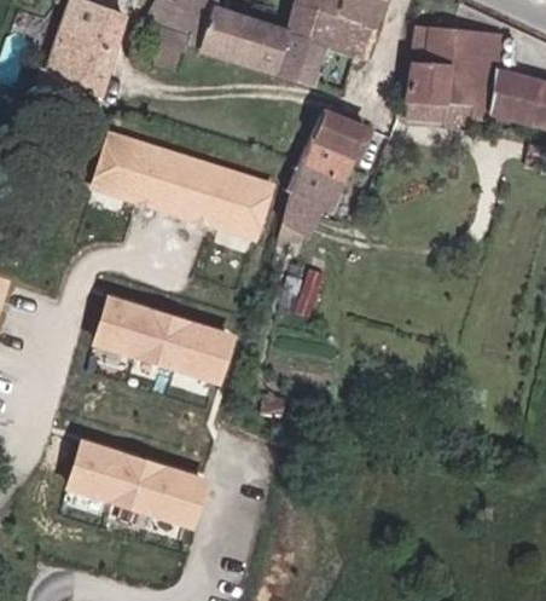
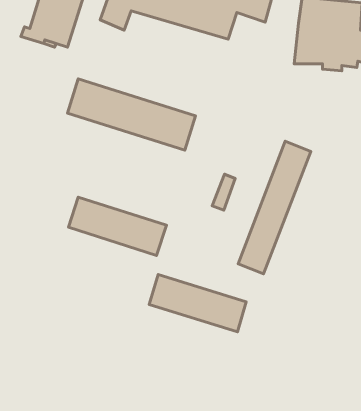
building: [266,106,368,241] -> none
building: none -> [238,141,311,274]
building: [72,444,205,522] -> [149,275,246,332]

